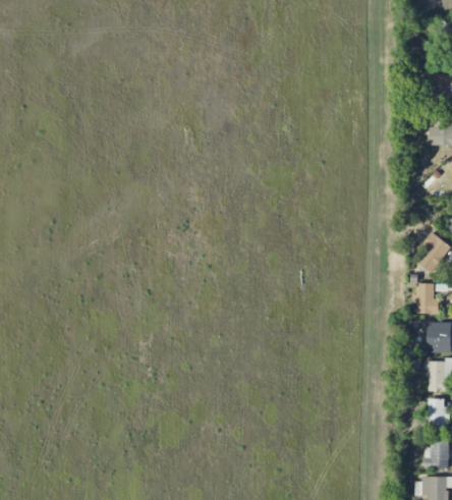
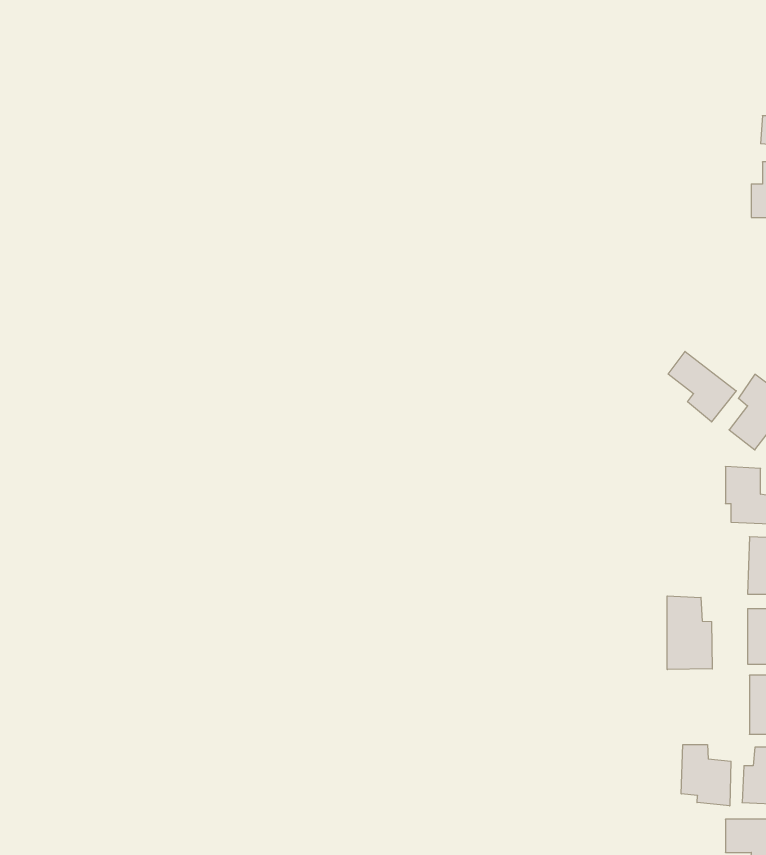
building: none -> [668,351,736,422]
building: none -> [667,596,712,670]
building: none -> [681,745,731,806]

